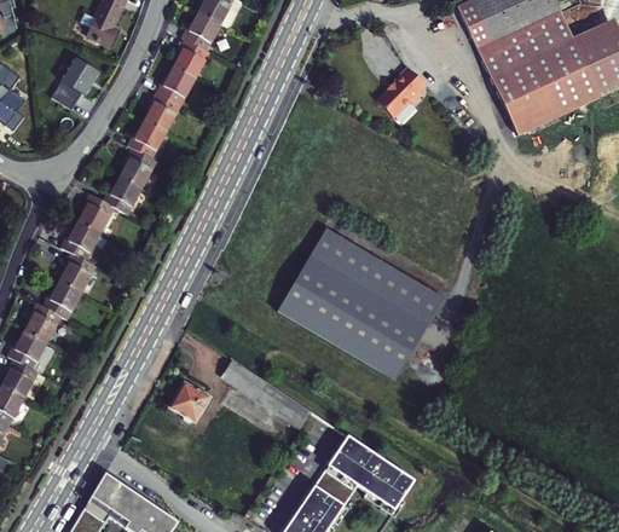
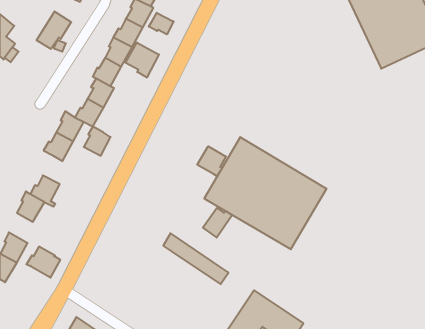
building: none -> [149,13,174,34]
building: [378,66,427,117] -> none
building: none -> [125,42,159,78]
building: none -> [197,146,226,176]
building: [59,251,96,291] -> [84,126,111,156]
building: none -> [203,208,232,238]
building: [7,330,53,372] -> [26,247,60,278]
building: [169,381,209,422] -> none

